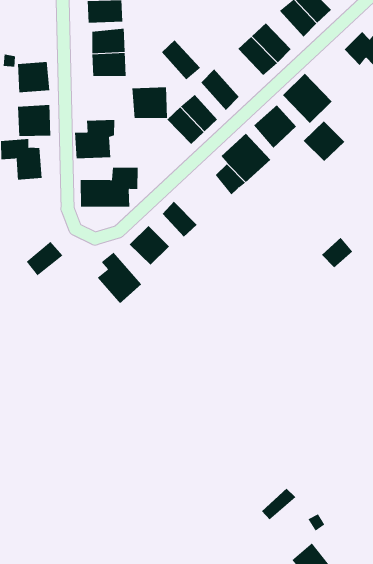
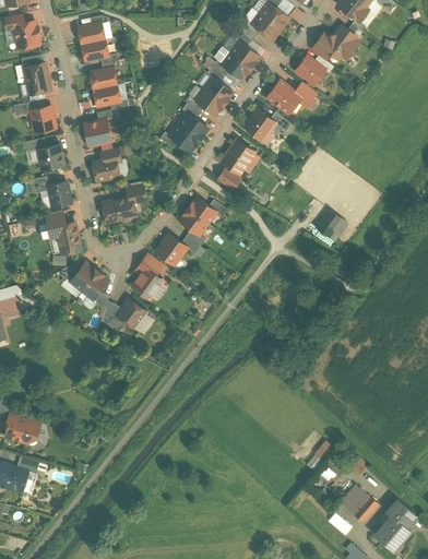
building: none -> [21,61,54,97]
building: [161,39,201,80] -> [200,72,237,106]
building: [132,87,168,119] -> [80,116,116,148]
building: [303,121,345,162] -> [292,53,329,90]
building: none -> [43,210,84,259]
building: none -> [185,193,217,224]
building: none -> [76,271,108,304]
building: none -> [115,298,146,330]

